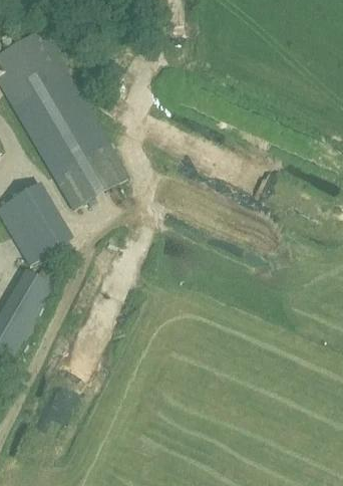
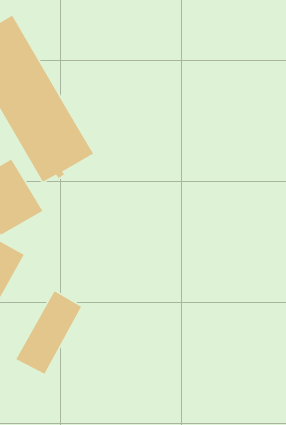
building: none -> [15,290,82,375]

